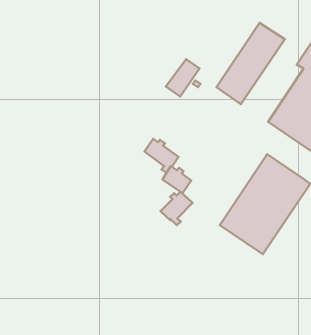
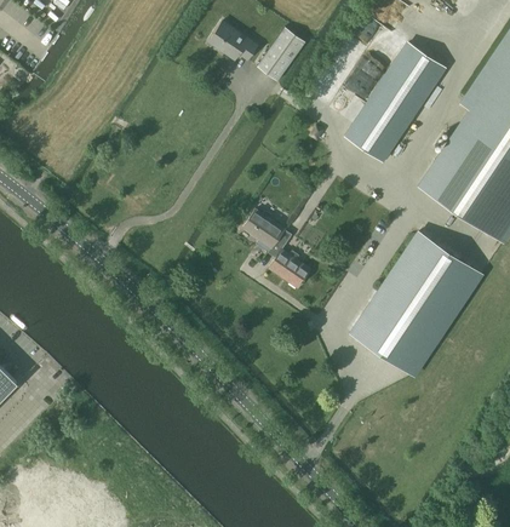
building: none -> [207,22,256,61]
building: [166,59,200,97] -> [256,28,304,81]
building: [161,192,192,225] -> none

